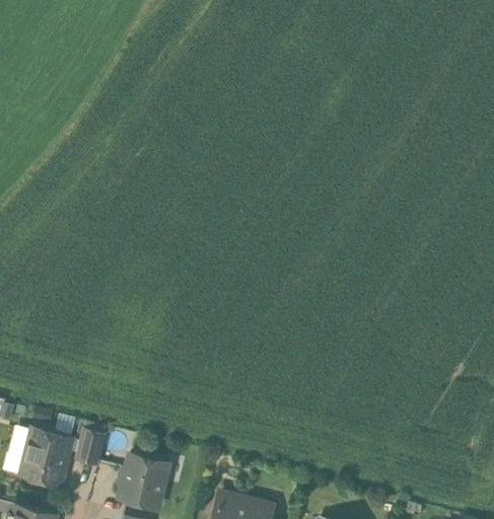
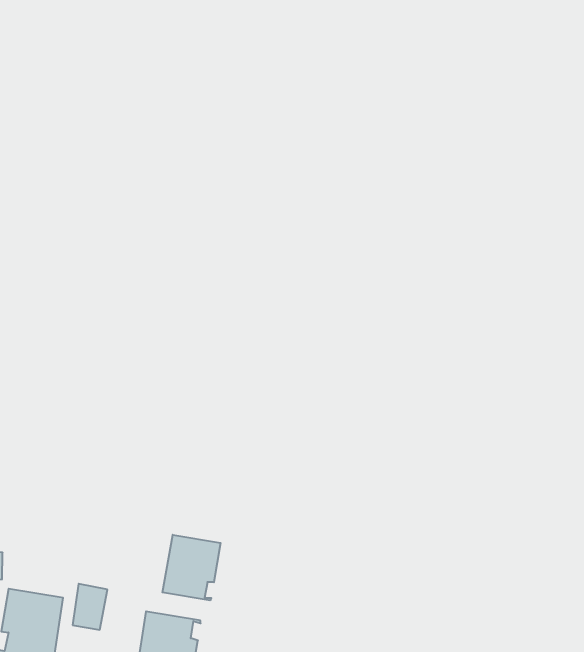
building: none -> [162,535,221,600]

